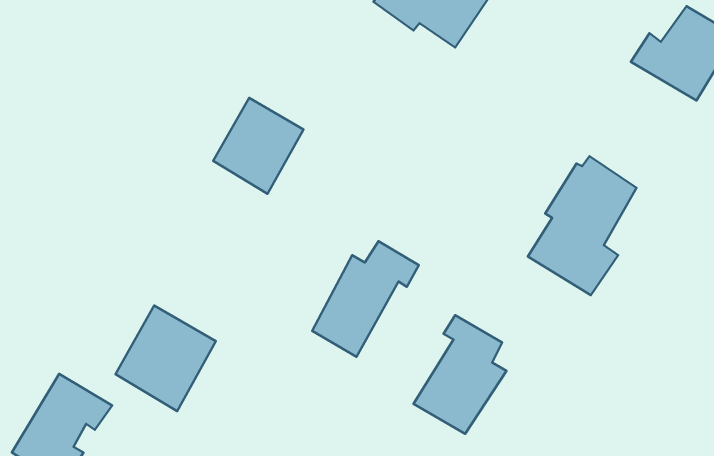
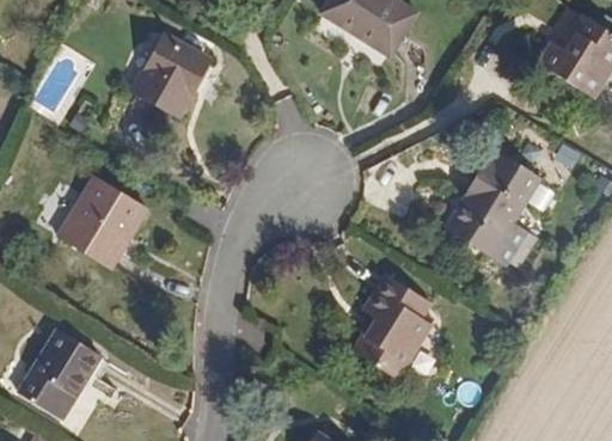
building: [213,98,303,194] -> [131,37,207,117]
building: [312,241,419,357] -> none
building: [116,305,216,411] -> [61,177,145,265]

